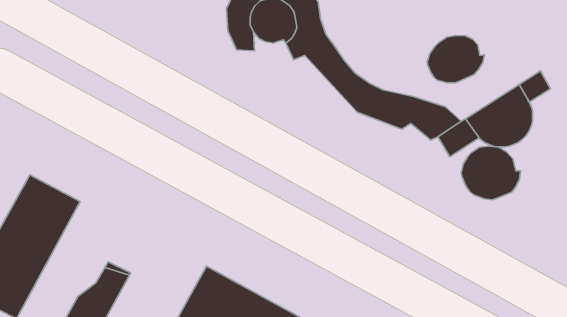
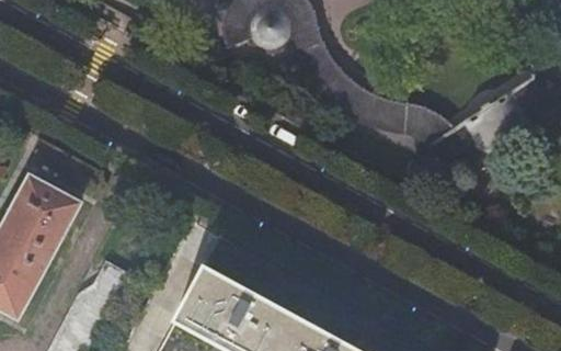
building: [427,36,484,83] -> none
building: [461,146,521,200] -> none

